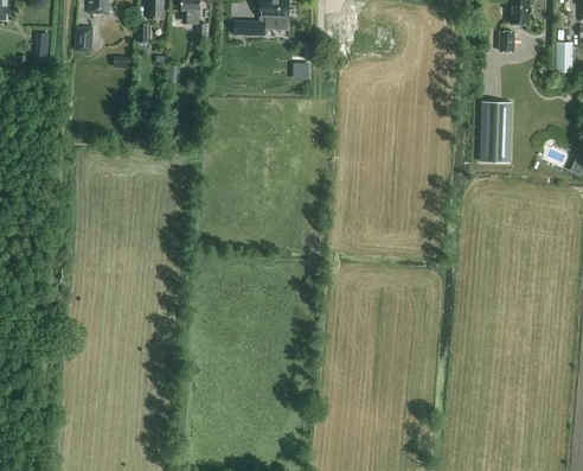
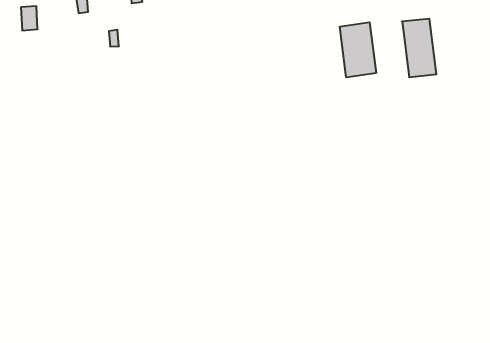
building: none -> [340,22,376,77]

